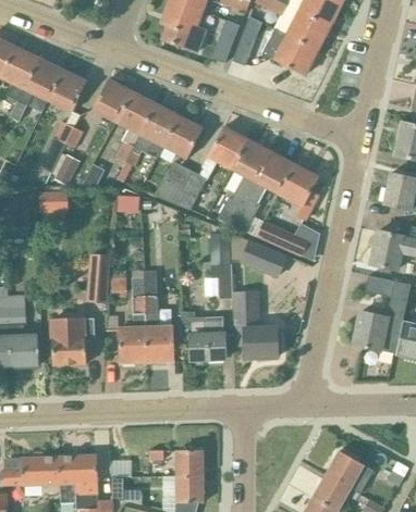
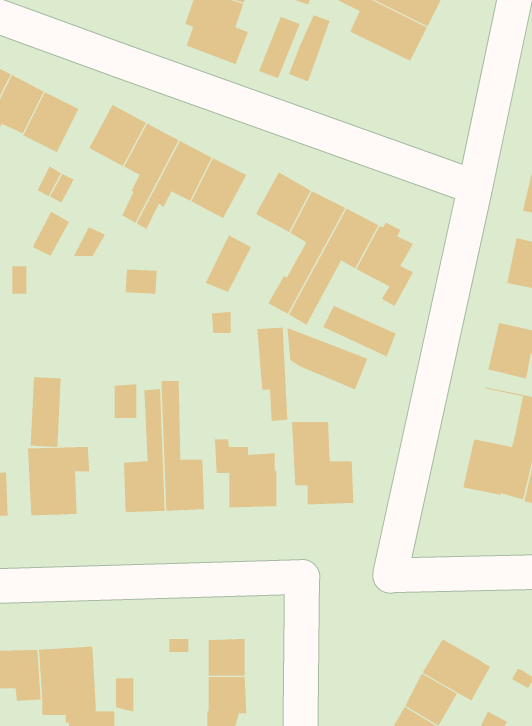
building: [261,29,317,75] -> none
building: [157,162,191,203] -> none
building: [87,253,109,302] -> [30,377,61,447]

